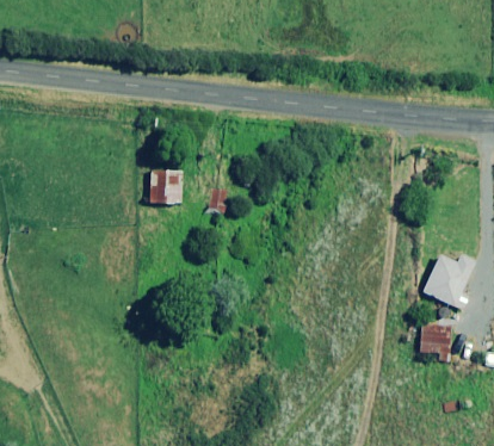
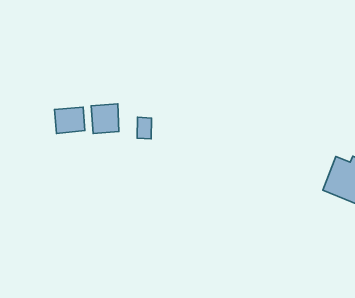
building: none -> [55,107,85,134]
building: [418,323,450,361] -> none

